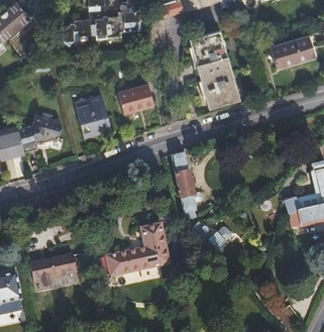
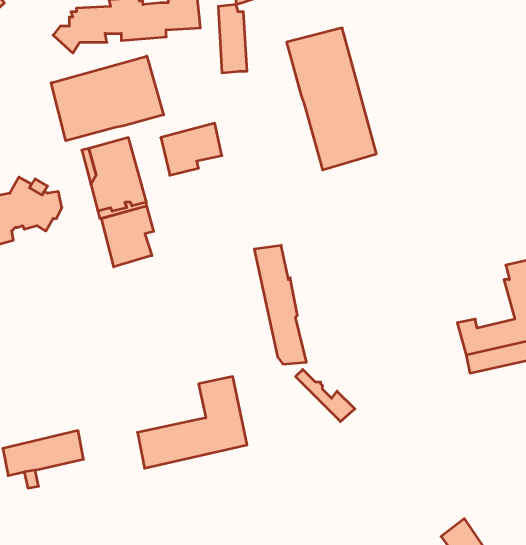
building: [272,34,316,68] -> none
building: none -> [51,56,164,141]
building: none -> [102,206,154,267]

